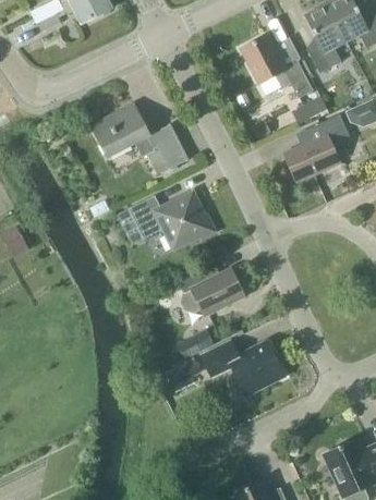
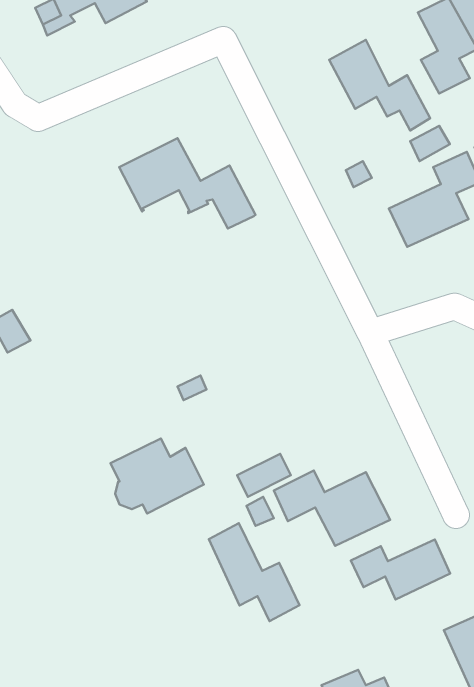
building: [128,192,216,249] -> none
building: [178,263,244,316] -> [110,439,204,514]
building: none -> [209,523,299,621]
building: none -> [351,540,450,600]

